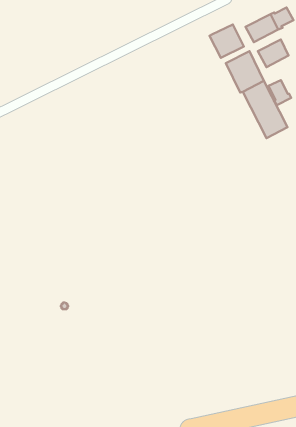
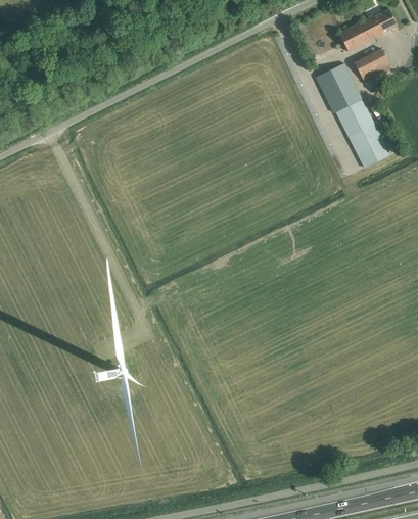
building: [210,25,244,58] -> none
building: [268,80,291,105] -> none

